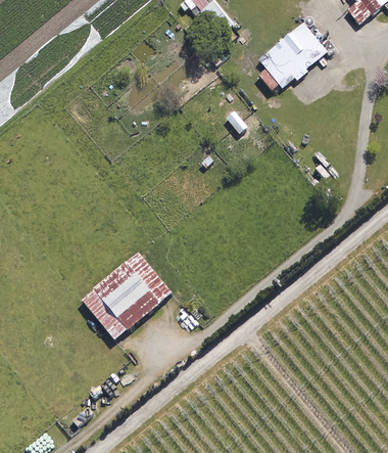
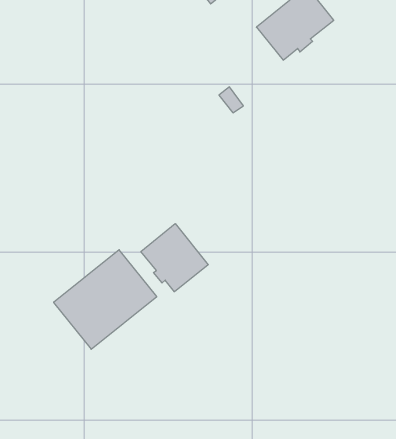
building: none -> [141,224,208,292]

